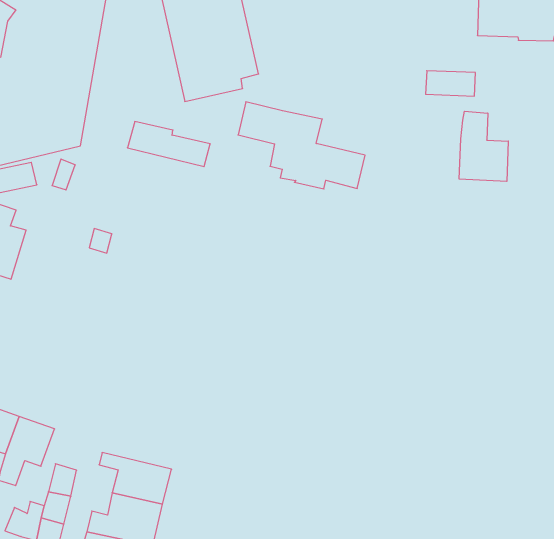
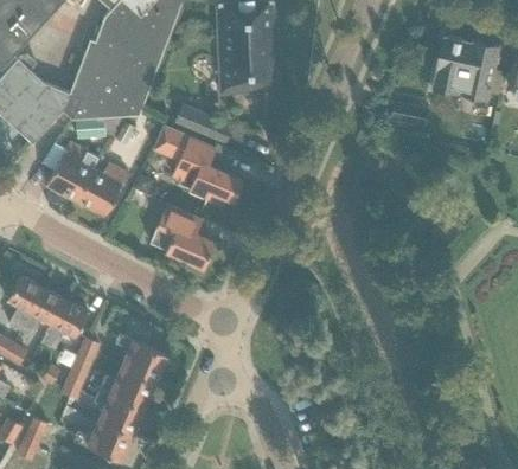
building: [238,102,365,189] -> [153,127,241,201]
building: [459,111,508,181] -> none
building: none -> [75,163,126,217]
building: none -> [149,203,213,269]

